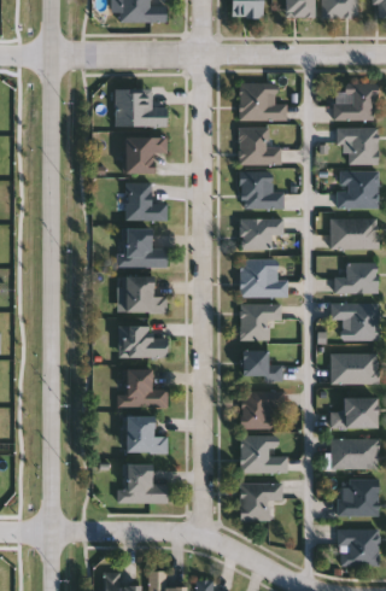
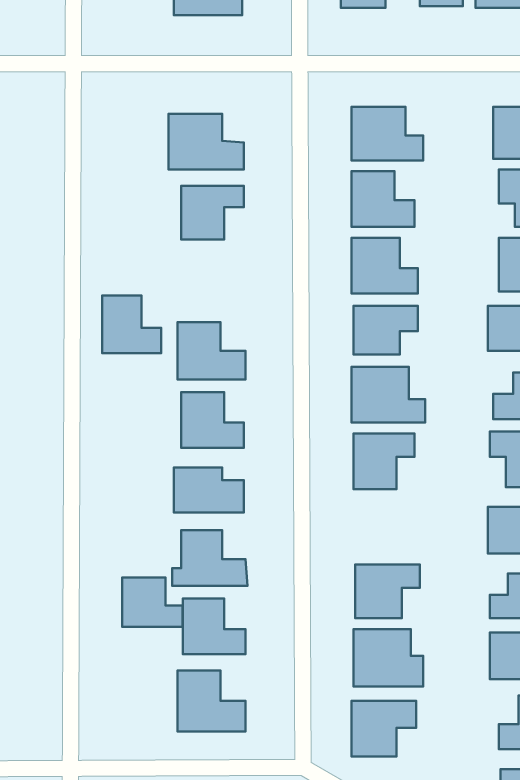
building: [127,182,166,221] -> [102,296,161,353]
building: [241,350,282,382] -> none
building: none -> [122,578,182,627]

